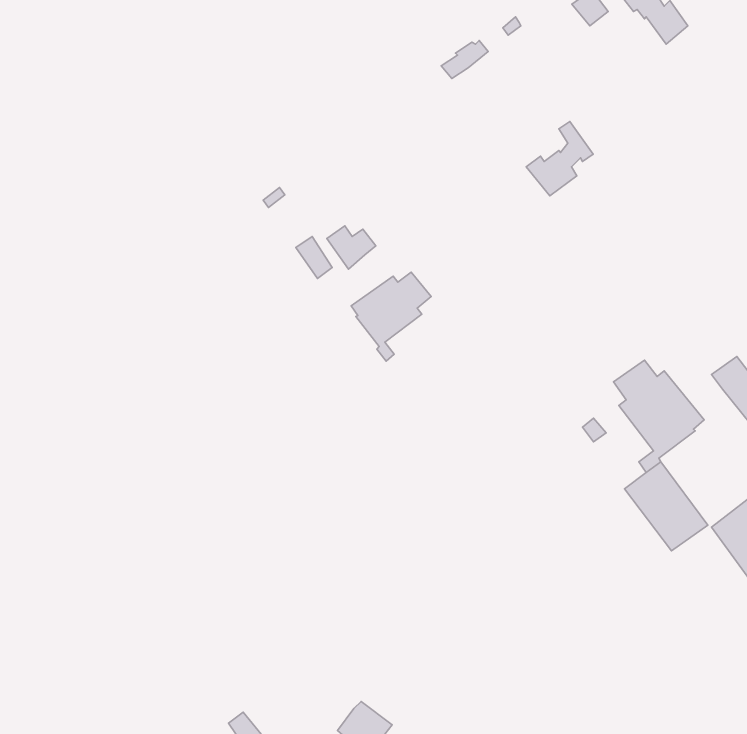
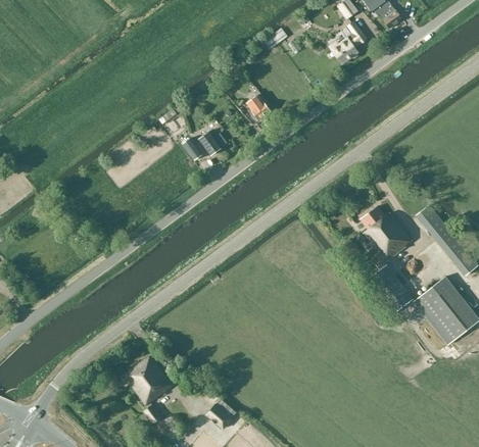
building: [526,122,593,196] -> [328,20,366,62]
building: none -> [245,90,270,120]
building: [351,272,431,361] -> none
building: none -> [122,353,173,405]

